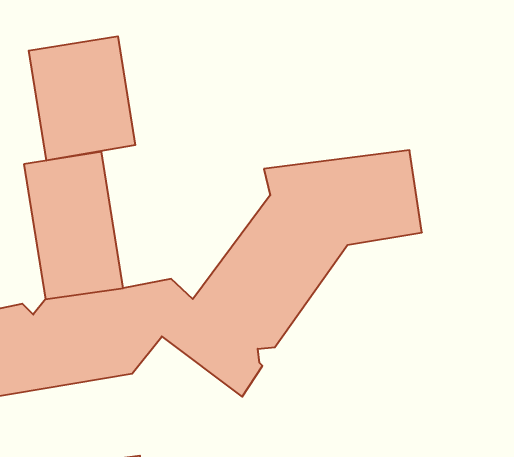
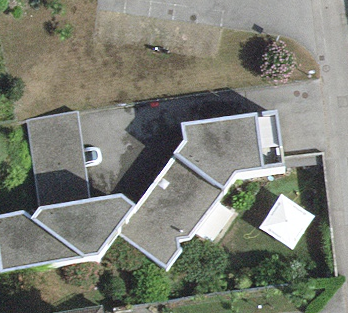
building: [29,36,135,161] -> none

